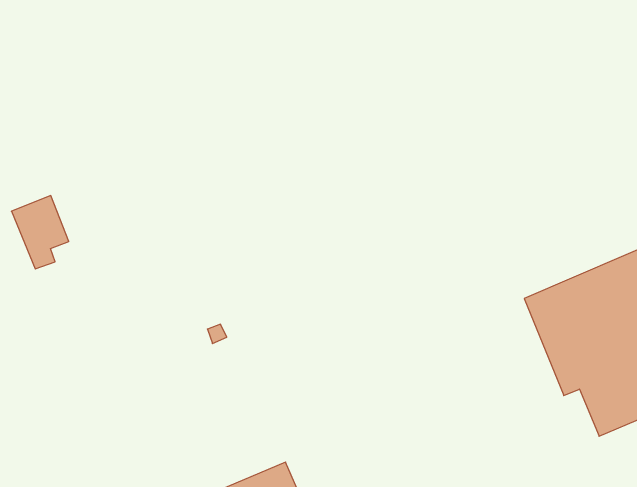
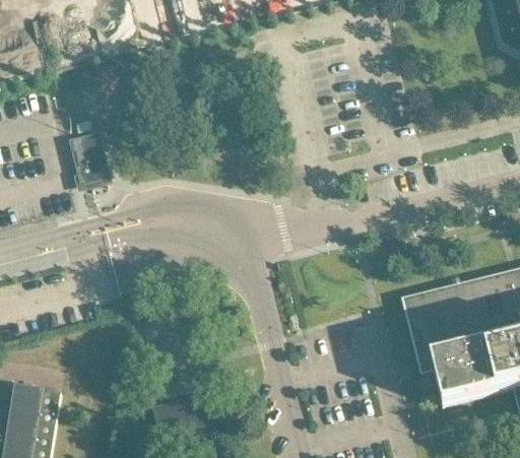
building: [11,196,69,269] -> [70,132,109,184]

